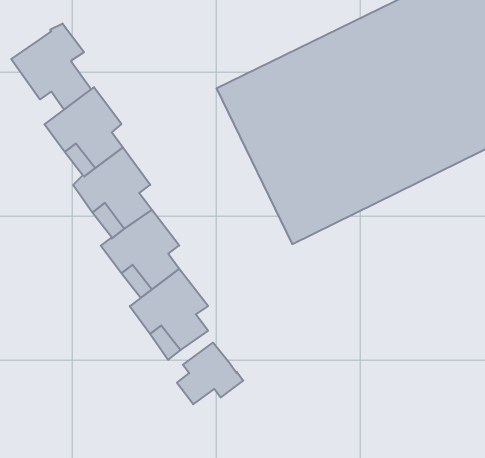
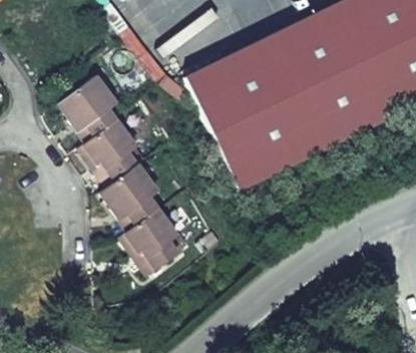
building: [11,23,91,110] -> none
building: [177,343,243,404] -> none

